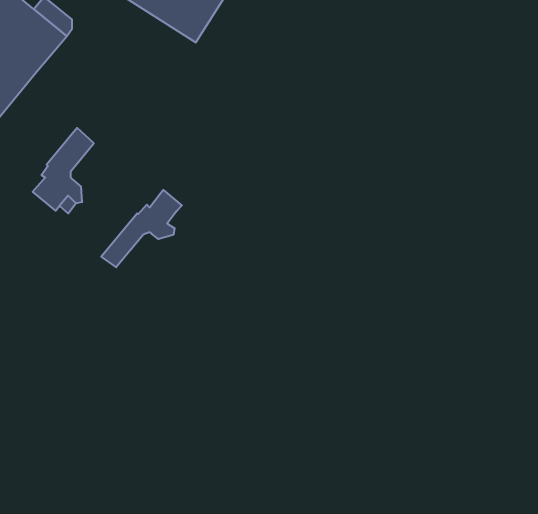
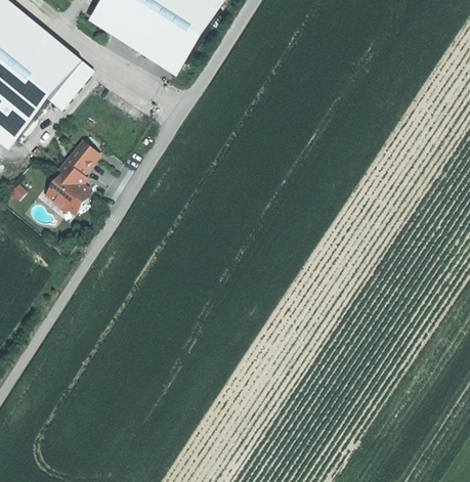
building: none -> [48,59,92,107]
building: [101,190,182,267] -> none

